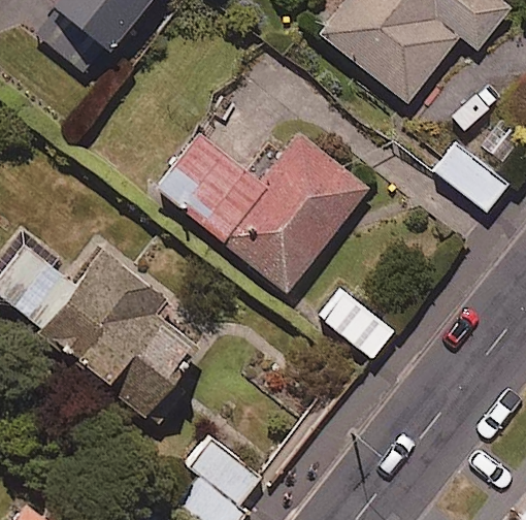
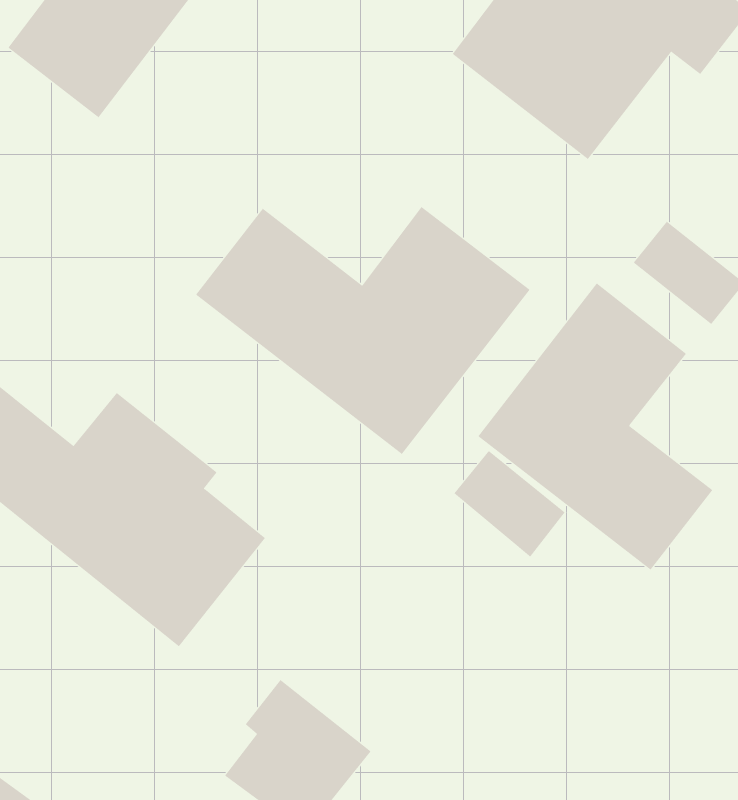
building: none -> [478,283,713,571]

